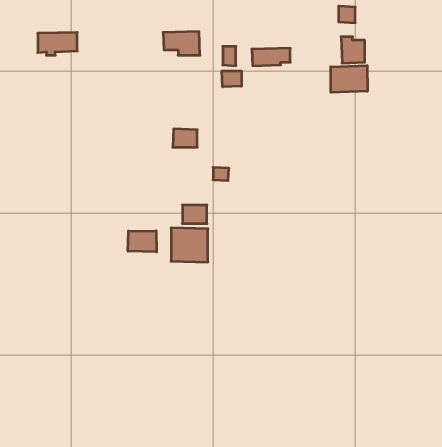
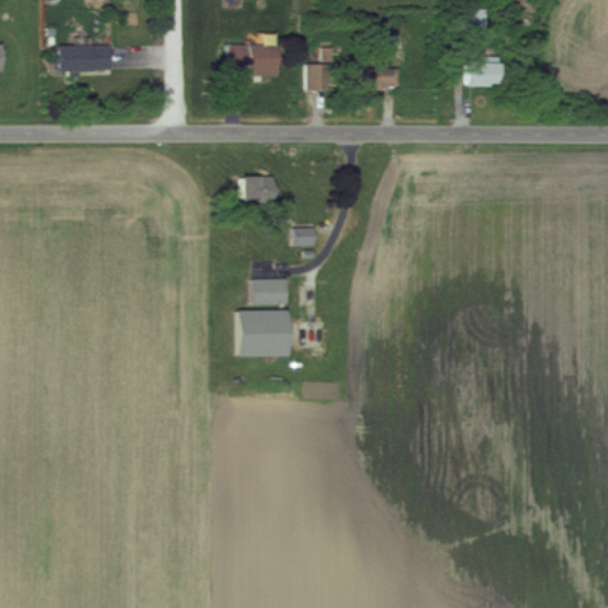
building: [331,66,367,92] -> none
building: [222,71,241,87] -> none
building: [128,231,157,252] -> none

